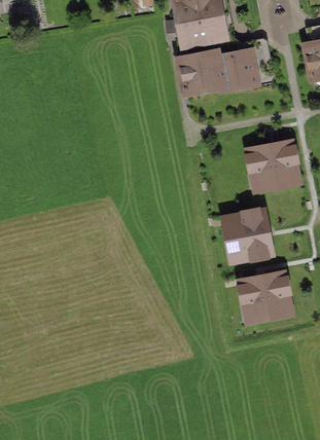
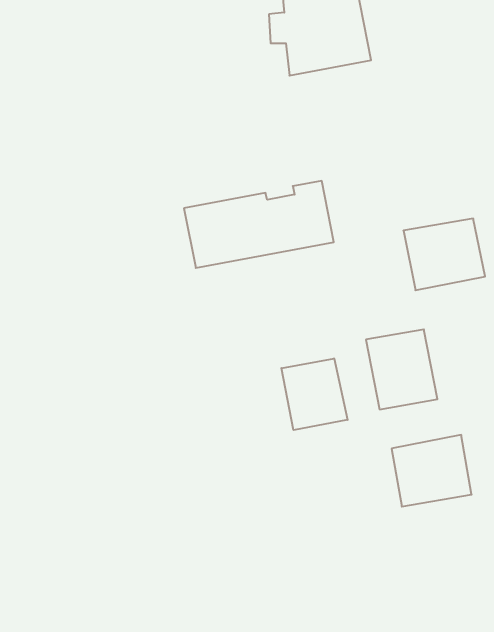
building: [181,44,272,97] -> [184,181,334,268]
building: none -> [281,358,348,430]

